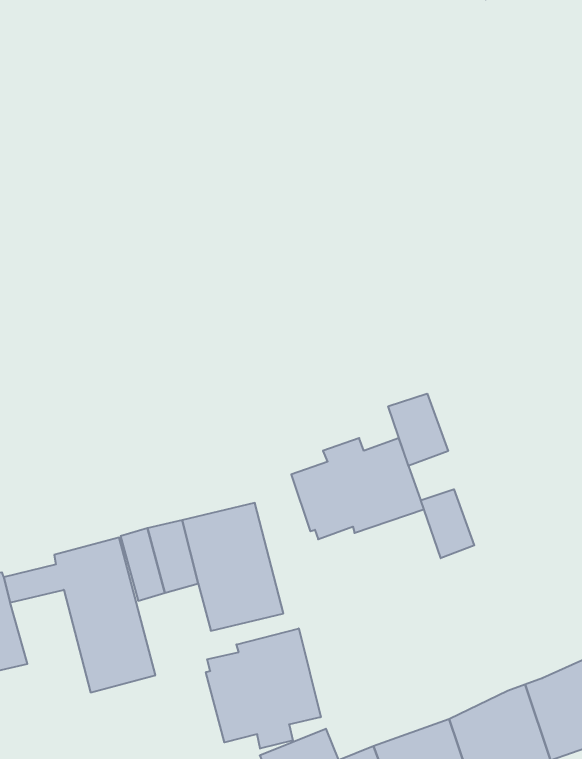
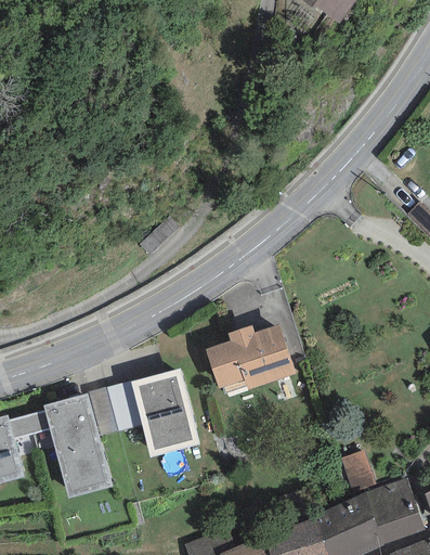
building: [388,394,448,466] -> none
building: [421,489,474,558] -> none
building: none -> [340,450,378,498]
building: [206,628,321,749] -> none

